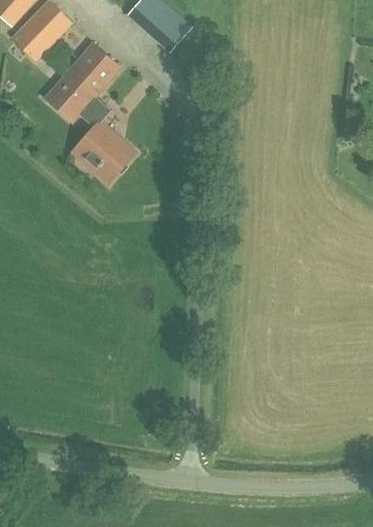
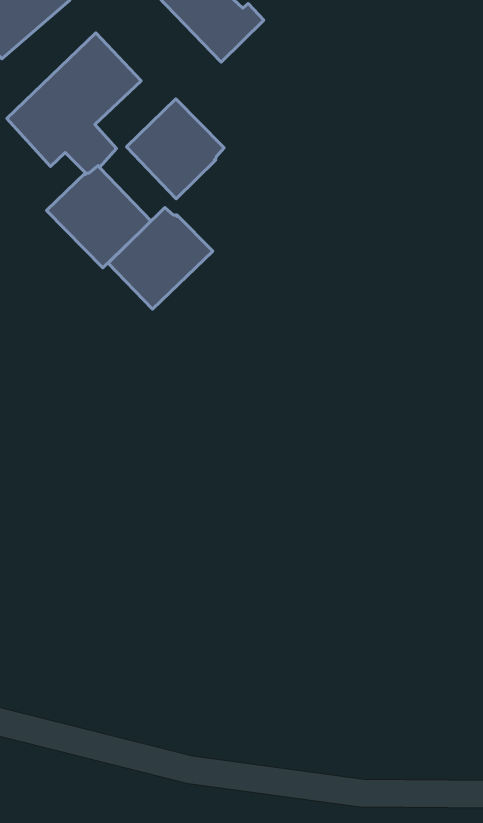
building: none -> [126,99,224,199]
building: none -> [108,207,213,309]

